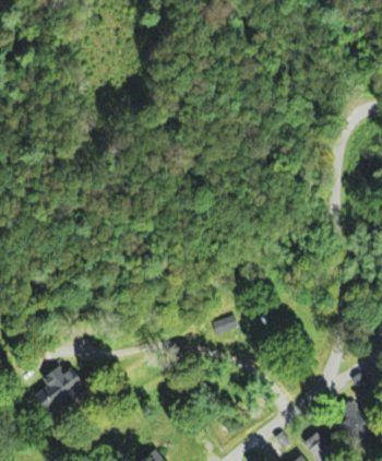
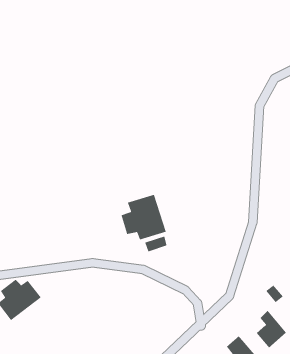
building: none -> [120,194,167,241]

